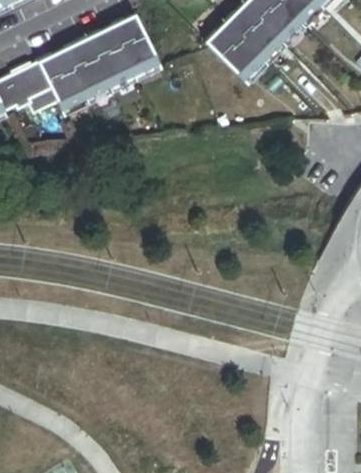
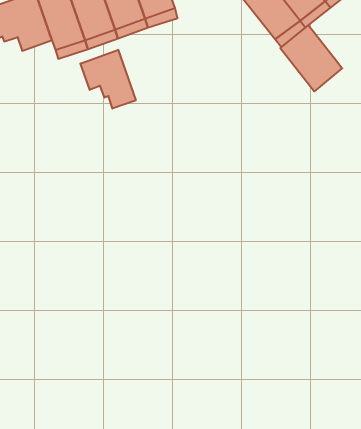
building: none -> [280,25,342,91]
building: none -> [80,50,136,109]

